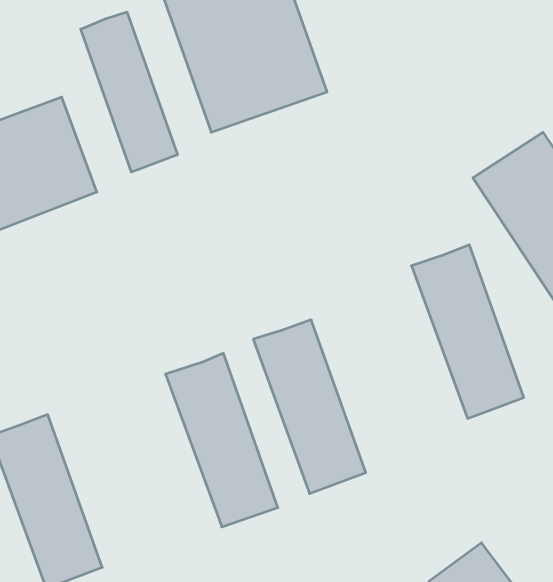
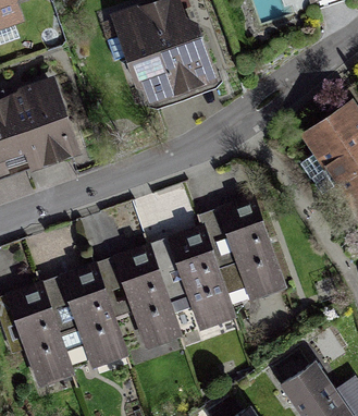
building: [81,12,177,172] -> none
building: [411,245,524,418] -> [221,197,291,305]
building: none -> [62,261,132,369]

